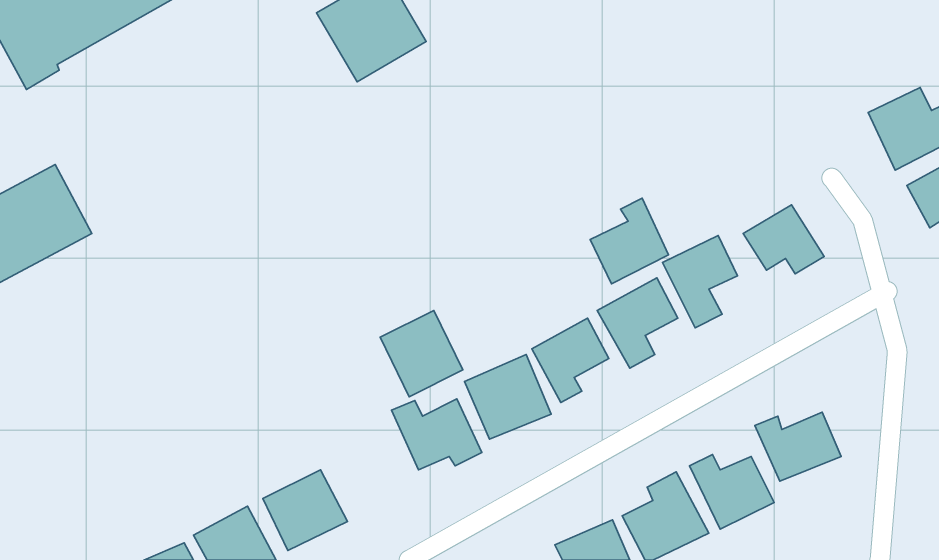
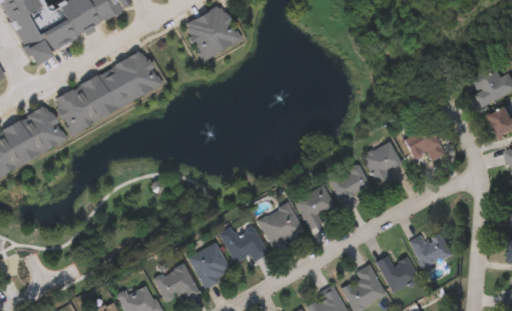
building: none -> [52,48,161,136]
building: [590,198,669,284] -> none
building: [380,310,463,397] -> [190,242,233,287]

